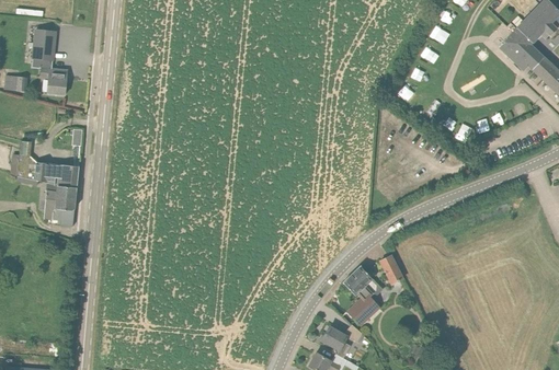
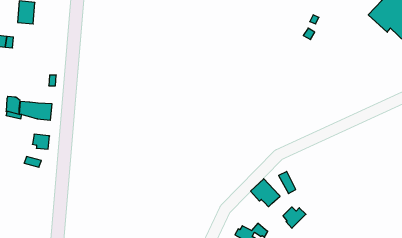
building: [41,63,67,94] -> none
building: [44,182,76,219] -> none
building: [349,297,379,325] -> [283,207,306,228]

